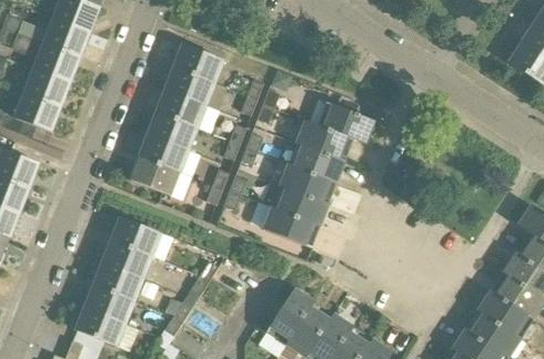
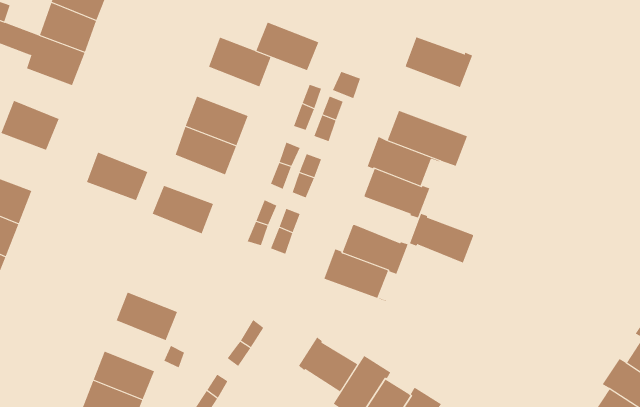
building: none -> [396,36,473,88]
building: [165,66,214,104] -> [256,22,319,71]
building: [24,68,70,106] -> none
building: [140,134,188,172] -> [86,152,148,201]
building: [280,163,330,202] -> [409,213,474,264]
building: [112,217,160,255] -> none
building: [94,261,142,300] -> none
building: none -> [298,337,358,392]

